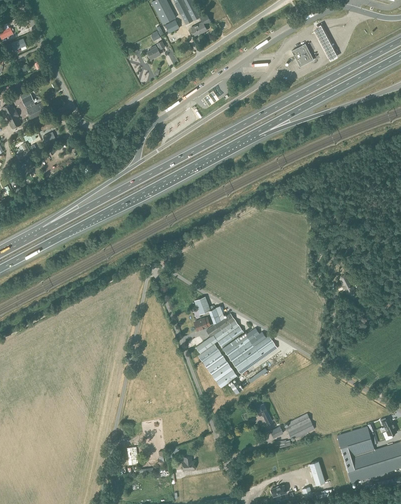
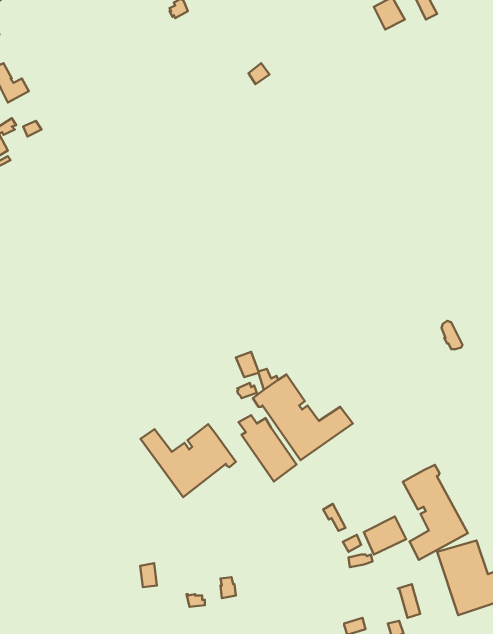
building: none -> [141,424,236,497]
building: none -> [403,465,468,560]

